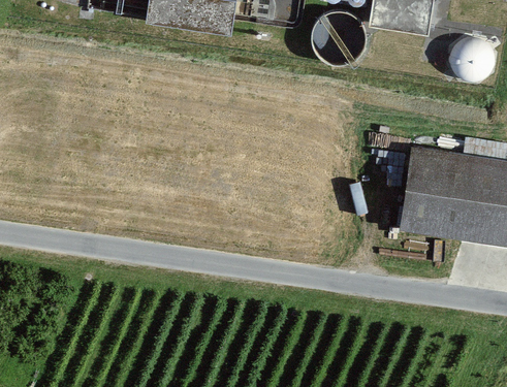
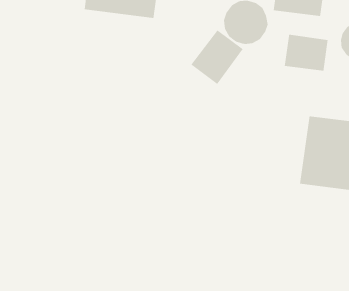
building: none -> [191,30,243,85]
building: none -> [284,34,328,71]

